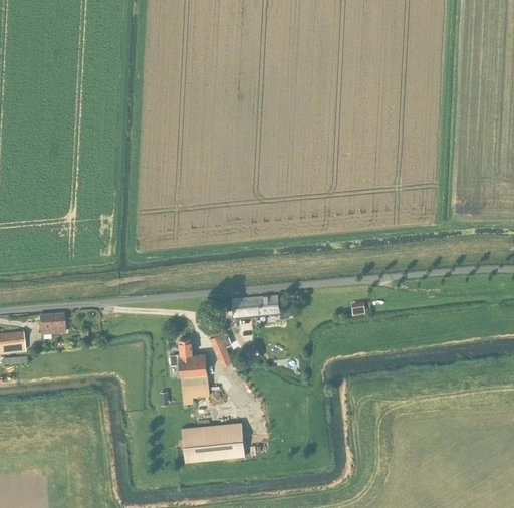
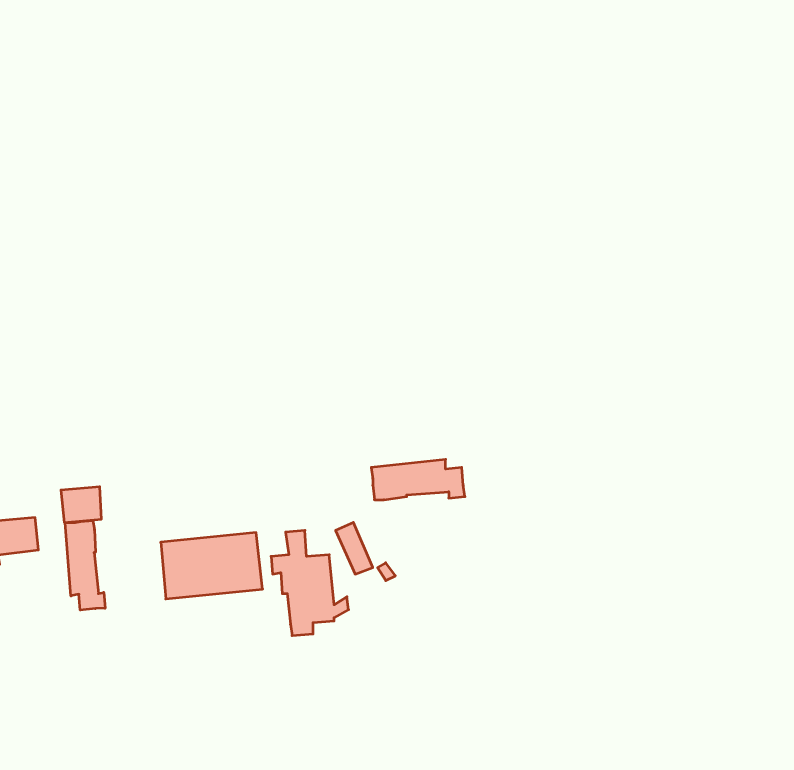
building: none -> [65,521,105,610]
building: [182,422,245,463] -> [161,533,263,599]

